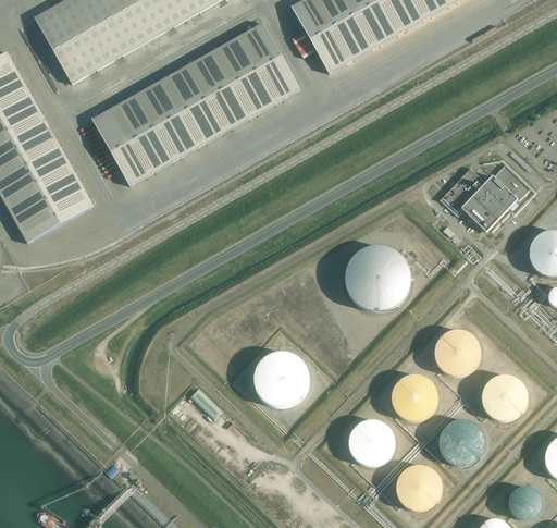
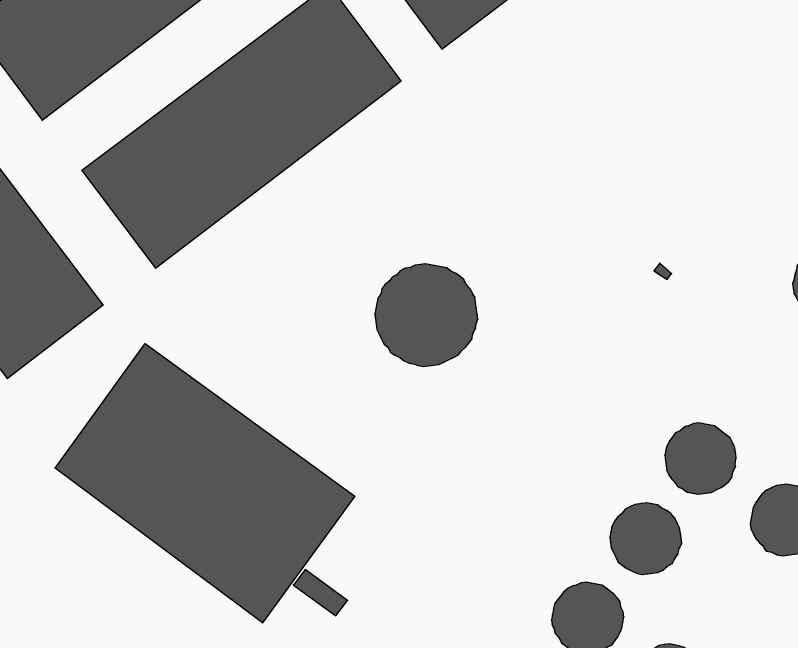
building: [440,164,529,232] -> none
building: none -> [55,344,355,623]
building: [344,246,408,310] -> [375,264,478,367]
building: [252,351,311,409] -> none
building: [437,420,483,465] -> none

